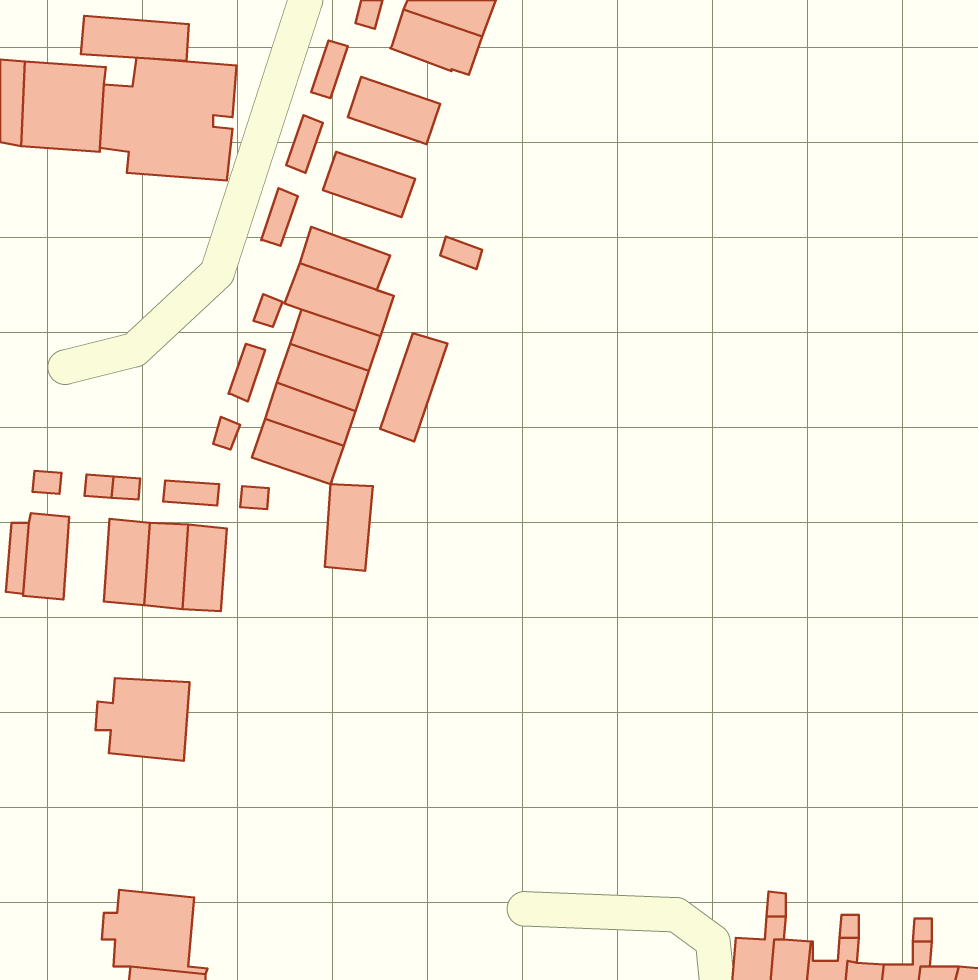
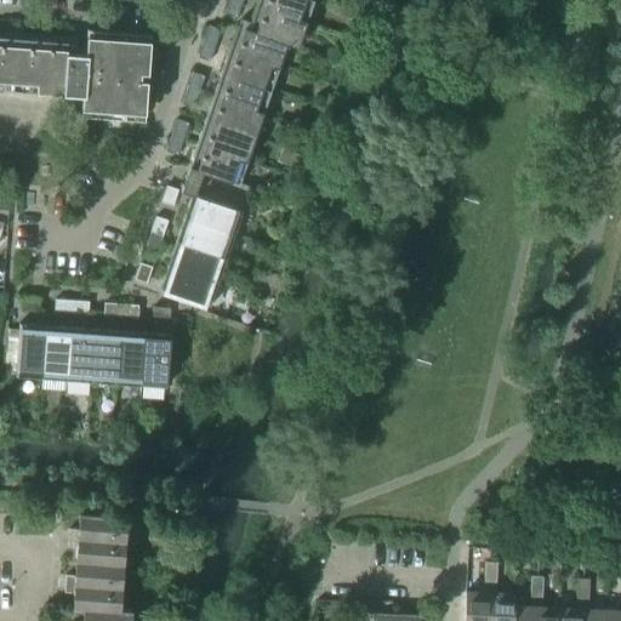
building: [81,16,189,61] -> none
building: none -> [230,27,287,67]
building: none -> [215,75,272,114]
building: none -> [199,121,256,163]
building: [380,333,448,441] -> none
building: [325,484,373,571] -> [142,335,172,389]
building: none -> [42,327,72,381]
building: [95,678,190,761] -> [69,515,129,568]

